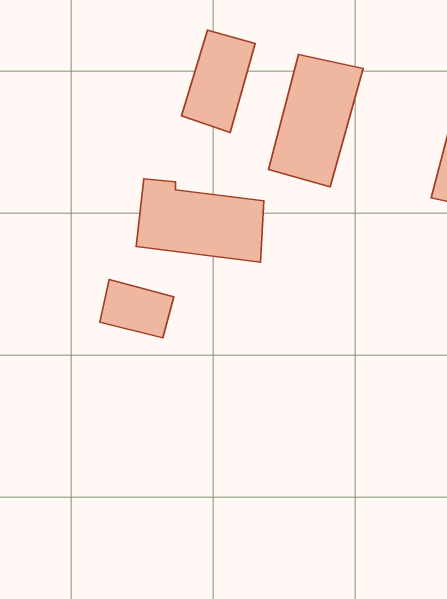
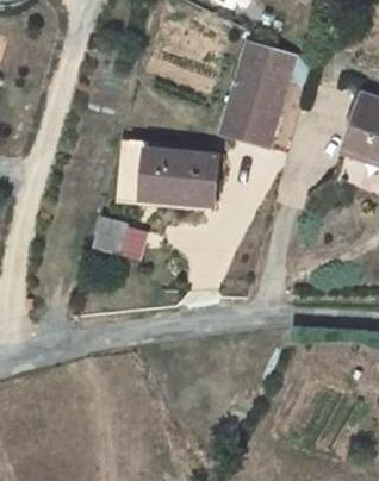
building: [182,30,255,132] -> none

